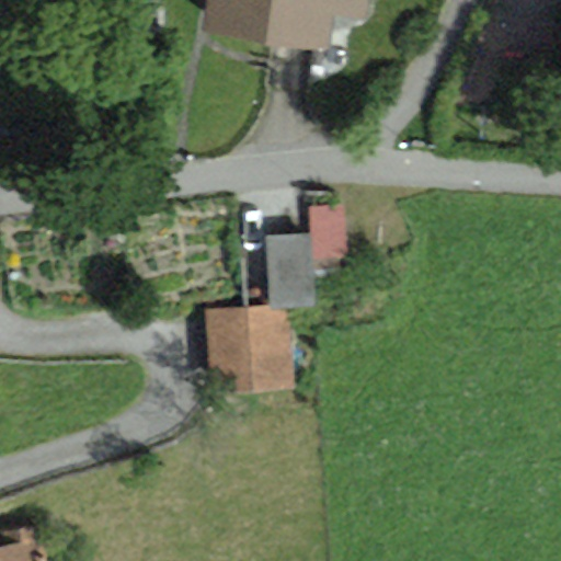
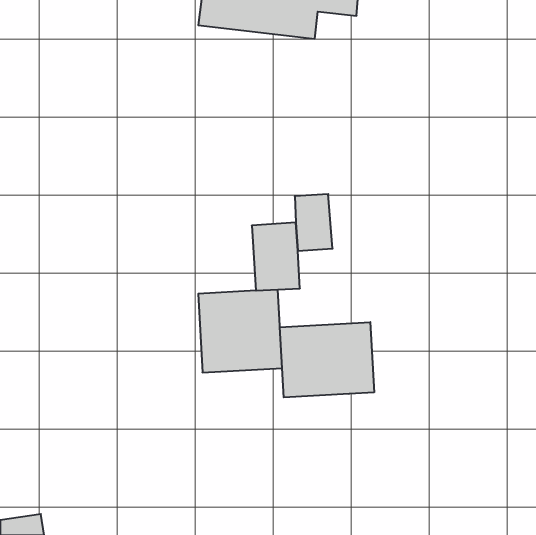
building: none -> [280,322,374,397]

